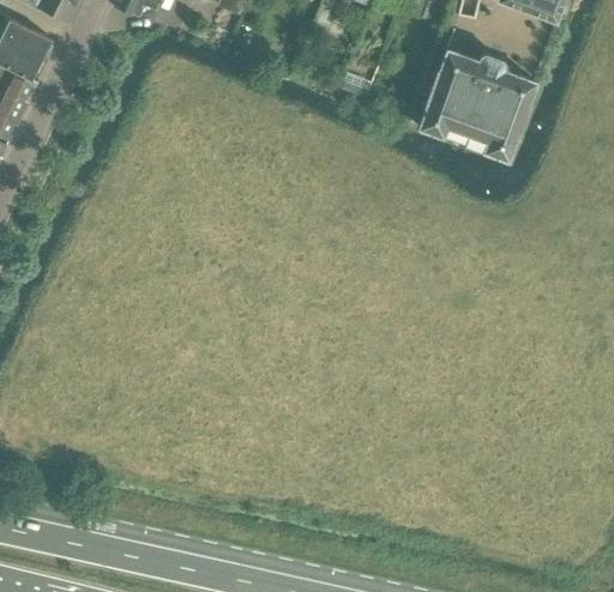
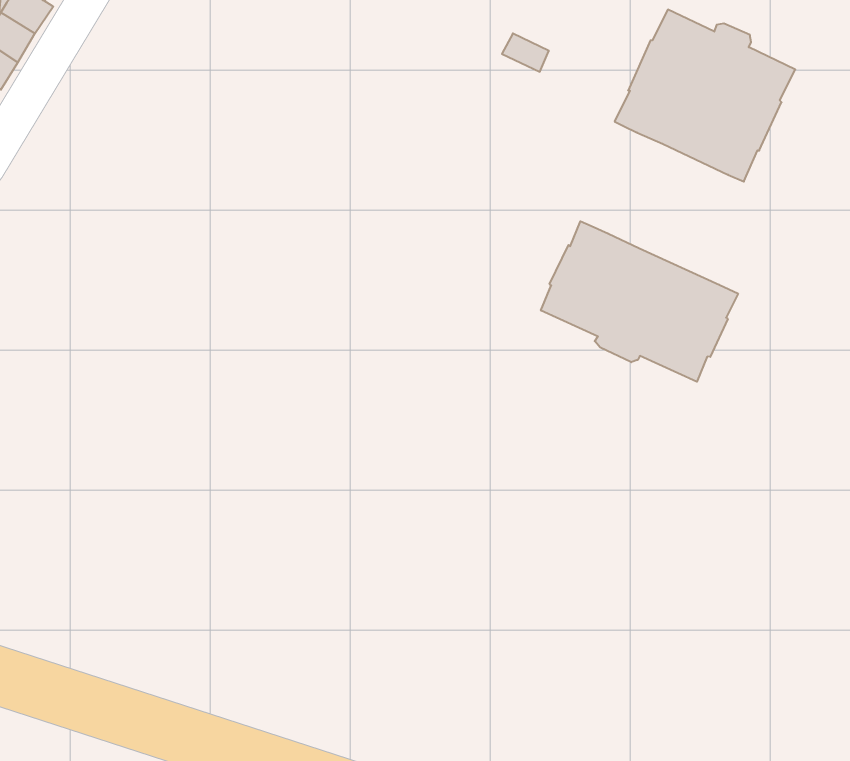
building: none -> [541,221,738,382]

